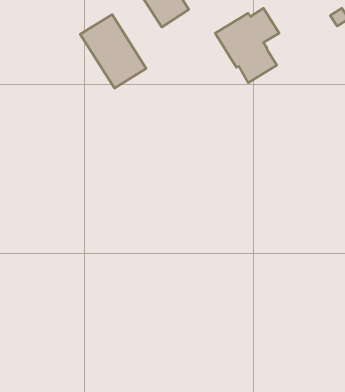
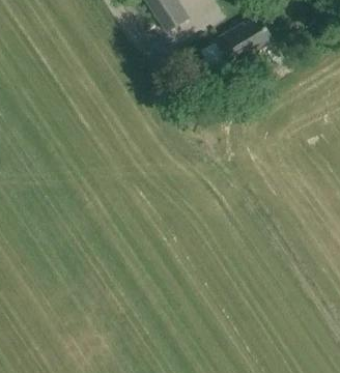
building: [80,15,146,88] -> none

